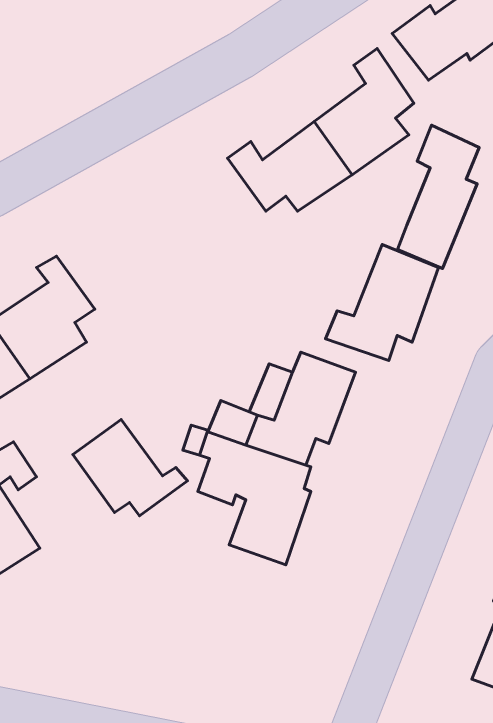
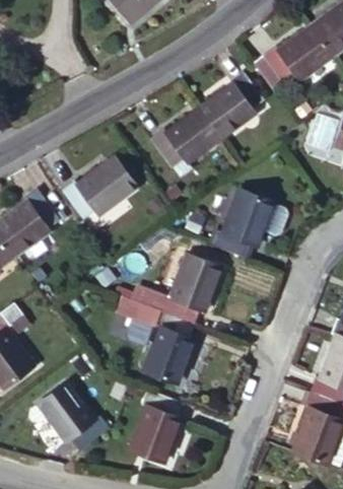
building: [397,125,479,268] -> none
building: none -> [62,168,141,227]
building: [73,420,188,516] -> [42,385,112,443]
building: none -> [126,394,177,470]

